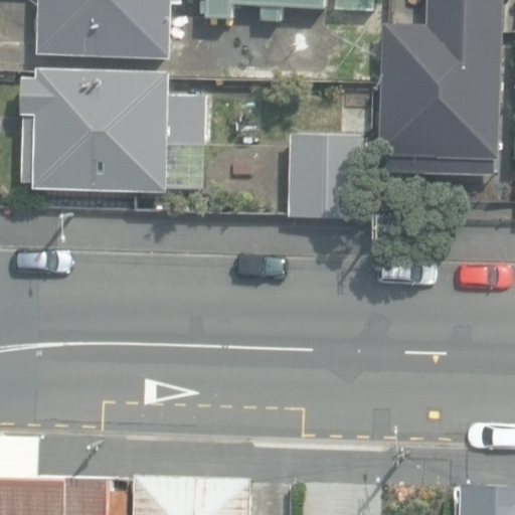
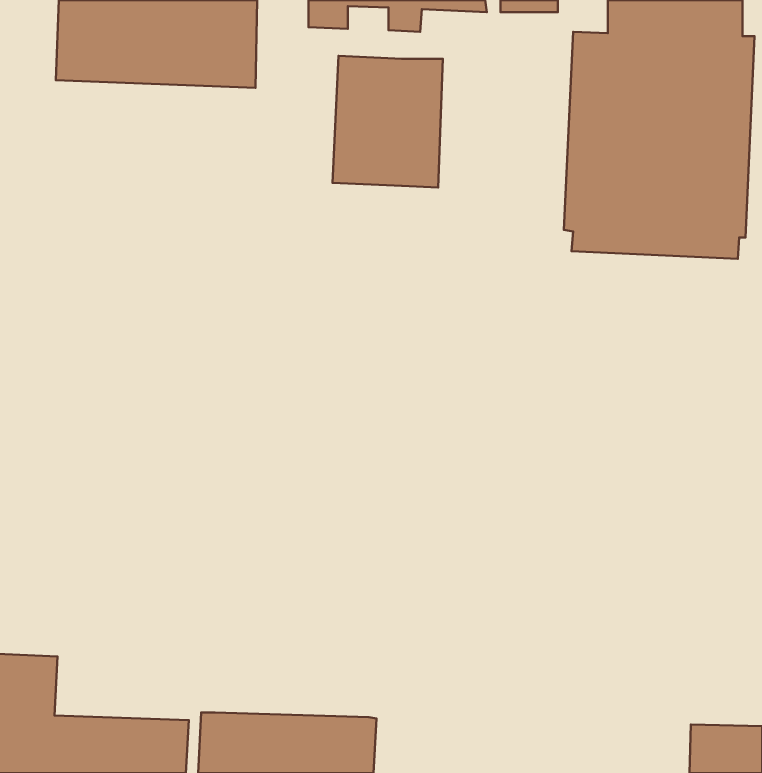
building: [19,68,205,190] -> none
building: [287,131,360,218] -> [332,56,443,187]

